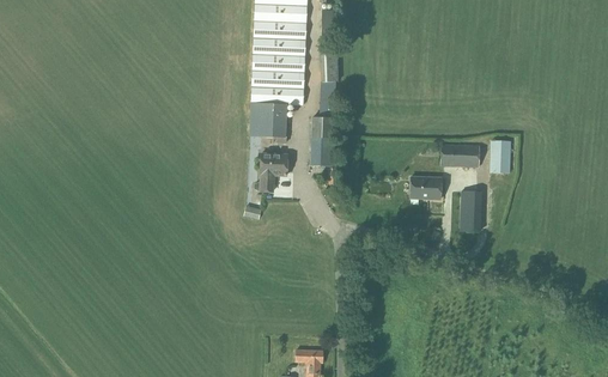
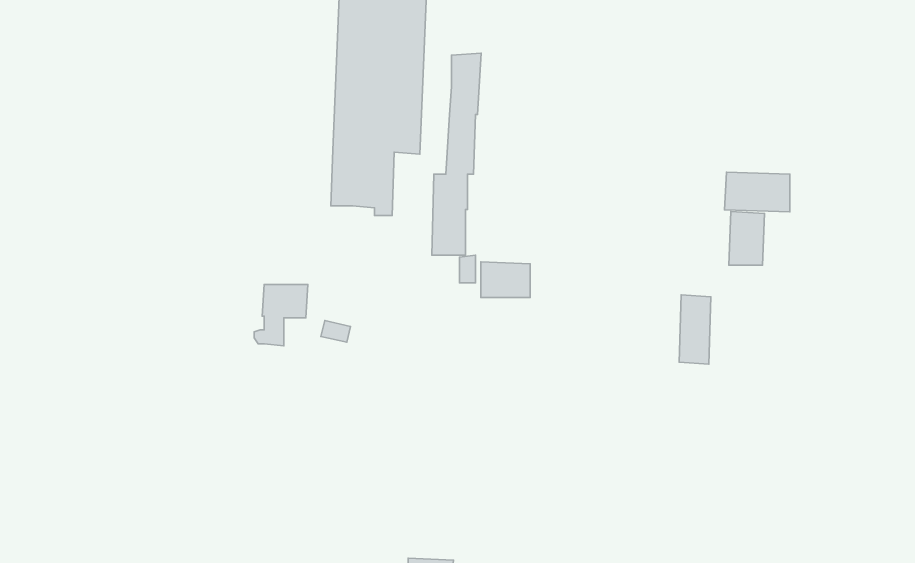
building: [439,142,479,166] -> [724,172,790,212]
building: [255,153,287,190] -> [254,284,308,346]
building: [411,176,440,197] -> [481,262,530,298]

